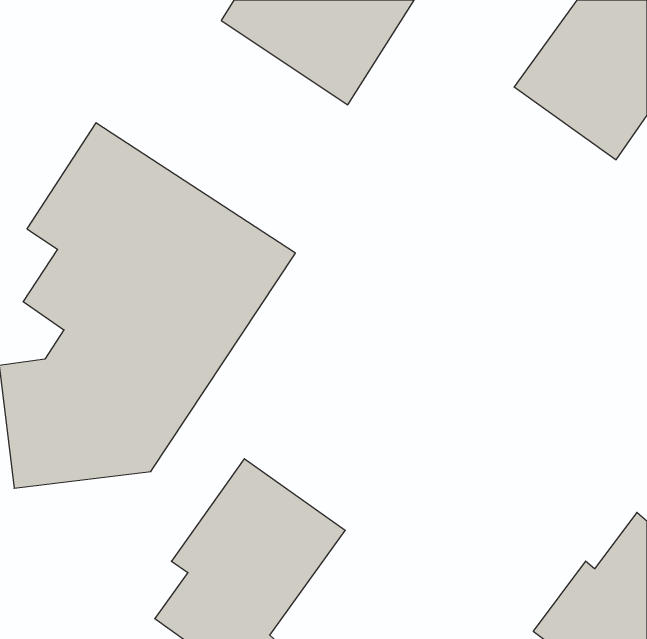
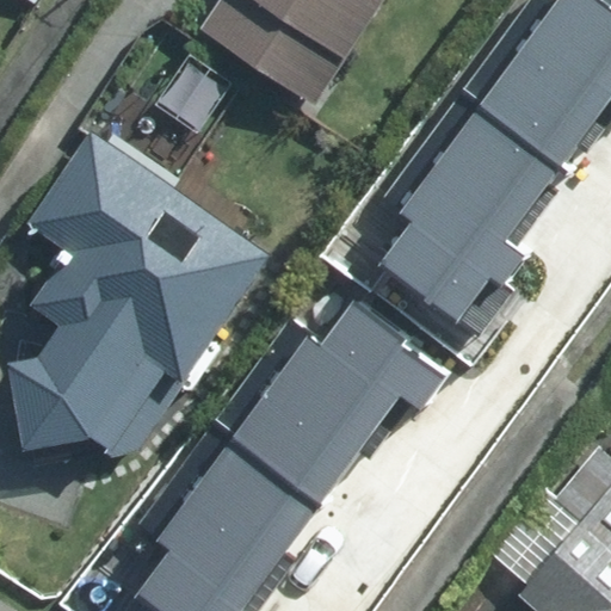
building: none -> [378,109,568,320]
building: none -> [232,300,437,494]

